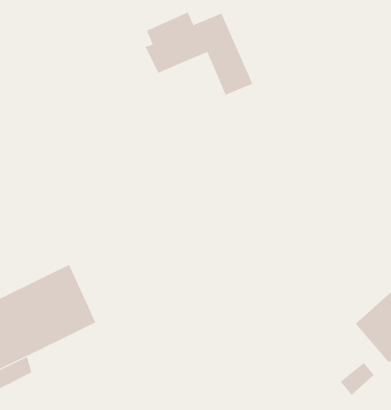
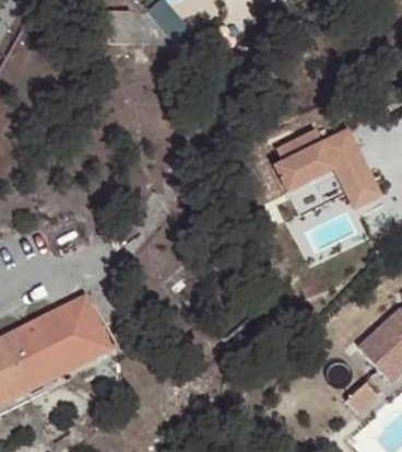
building: [145,12,253,96] -> [267,124,368,202]

